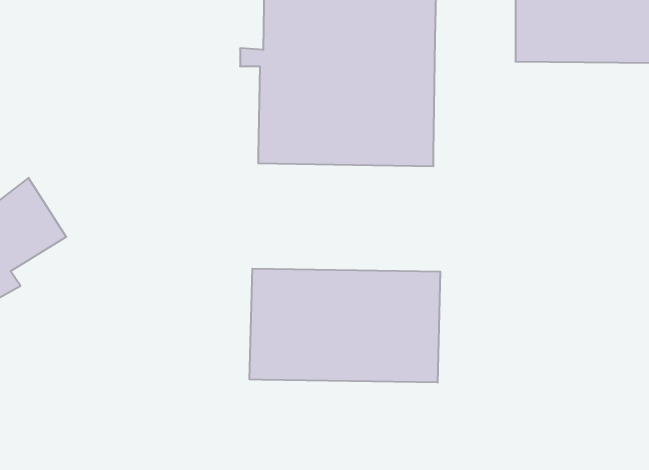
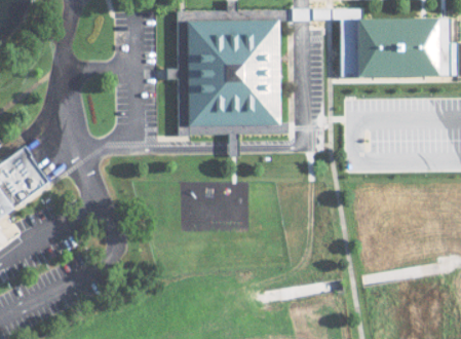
building: [250,269,440,383] -> none

